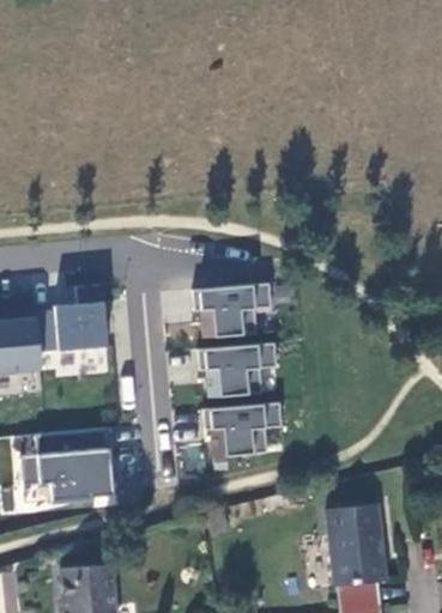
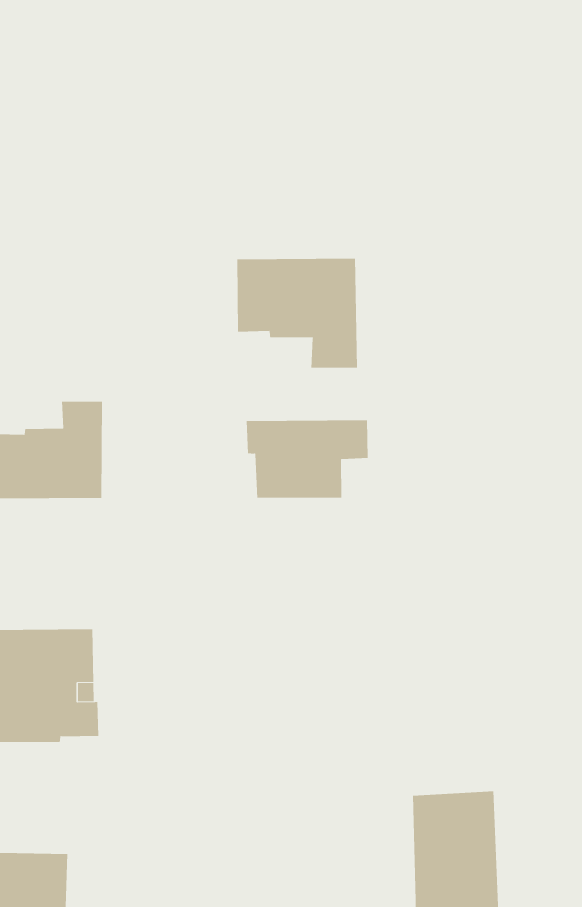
building: none -> [237,258,358,369]
building: [200,342,278,397] -> none
building: [205,402,284,457] -> none

